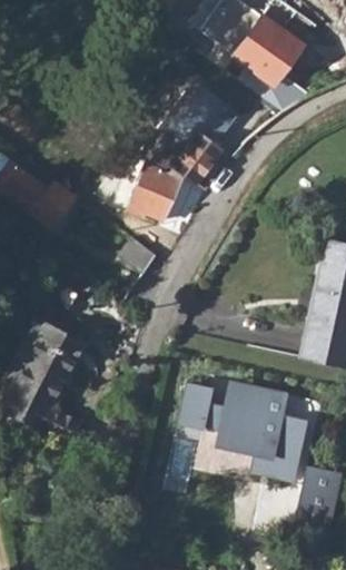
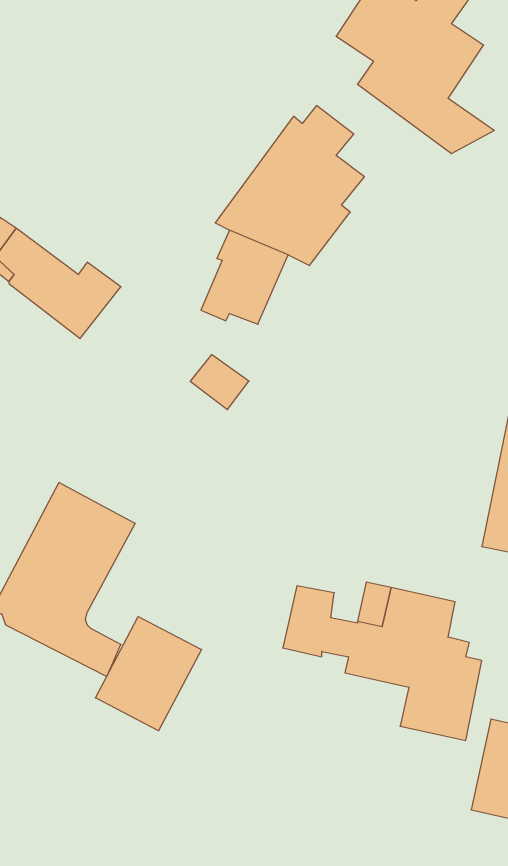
building: none -> [95,617,202,731]

